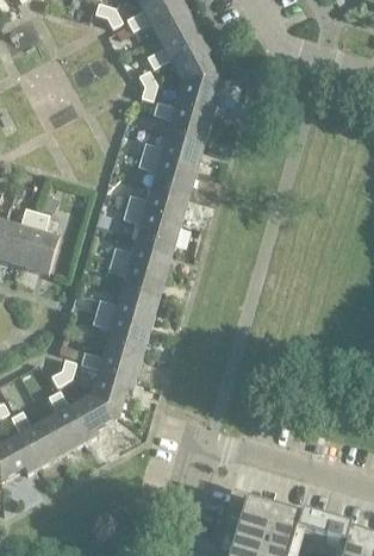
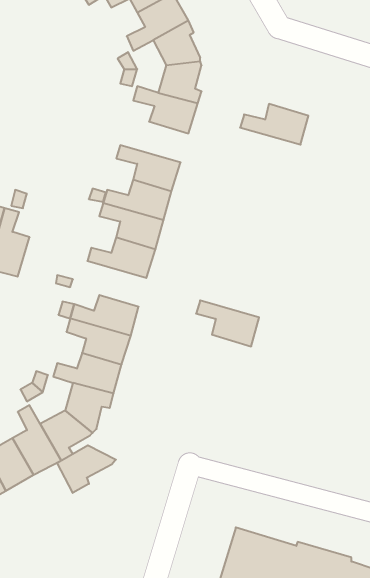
building: [141,132,202,169] -> [240,104,308,145]
building: [107,258,164,300] -> [196,300,259,346]
building: none -> [57,445,116,493]

